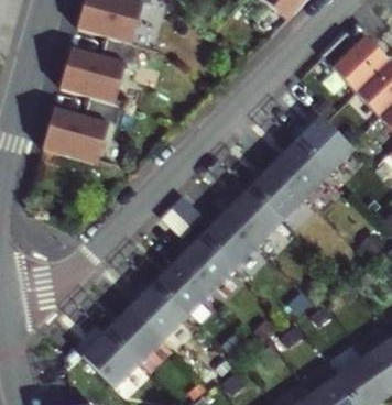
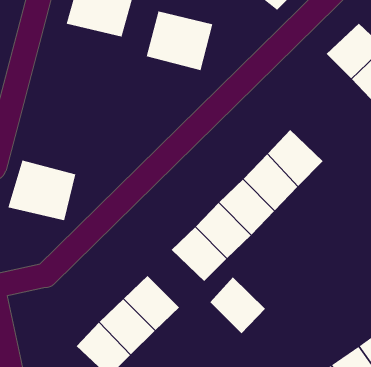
building: [58,46,126,106] -> [146,11,213,71]
building: [41,108,109,168] -> [7,160,76,221]
building: [297,116,353,171] -> none
building: [155,259,211,316] -> [209,277,266,334]

